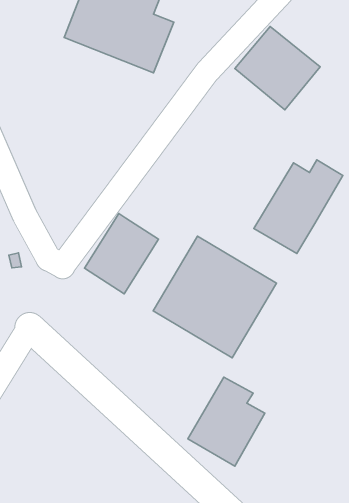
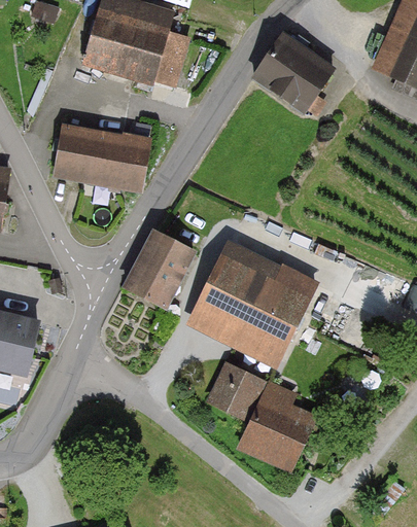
building: none -> [55,124,149,192]
building: [254,160,343,253] -> none
building: none -> [207,360,266,419]

